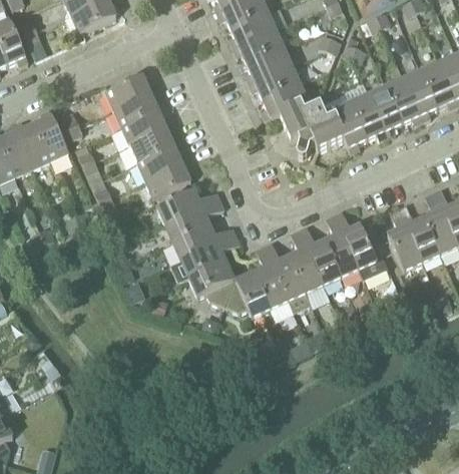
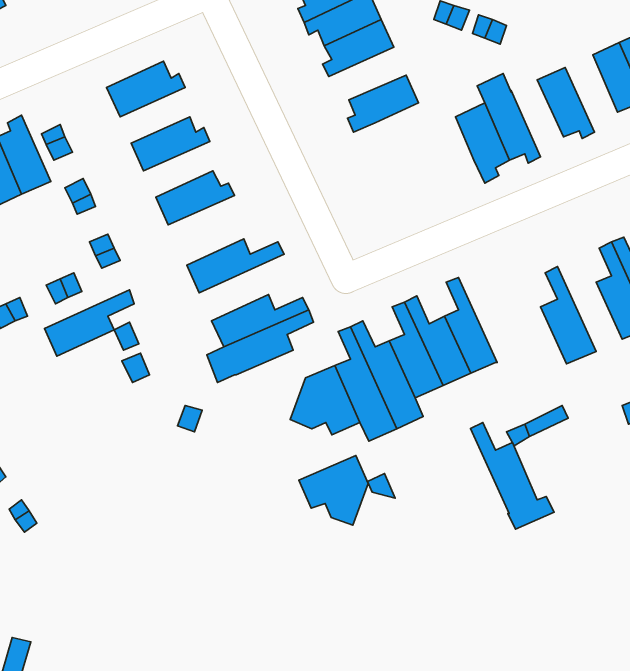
building: [250,64,300,98] -> none
building: [403,69,437,119] -> none
building: [368,85,402,135] -> none
building: [114,90,160,126] -> none
building: [280,100,344,156] -> none
building: [129,125,176,161] -> none
building: [145,160,191,197] -> none
building: [165,198,223,242] -> [45,290,134,356]
building: [398,202,440,262] -> none
building: [334,209,388,279] -> [471,422,554,529]
building: [189,261,235,306] -> [299,456,368,525]

